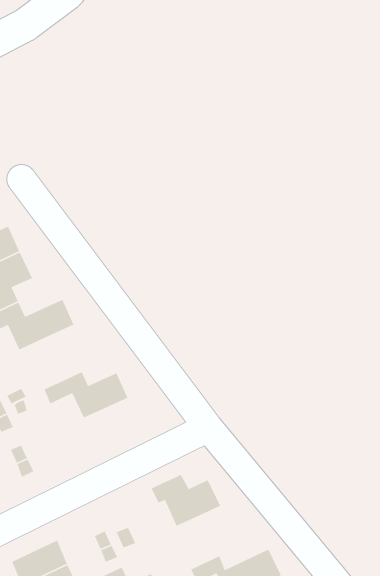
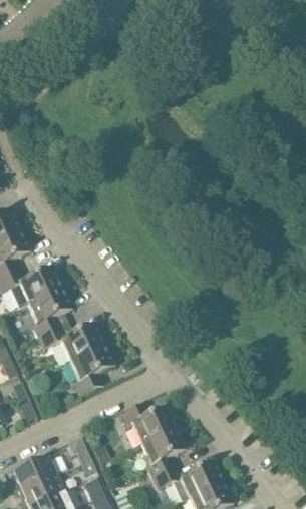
building: none -> [27,287,71,337]
building: none -> [68,344,113,394]
building: none -> [140,428,185,477]

